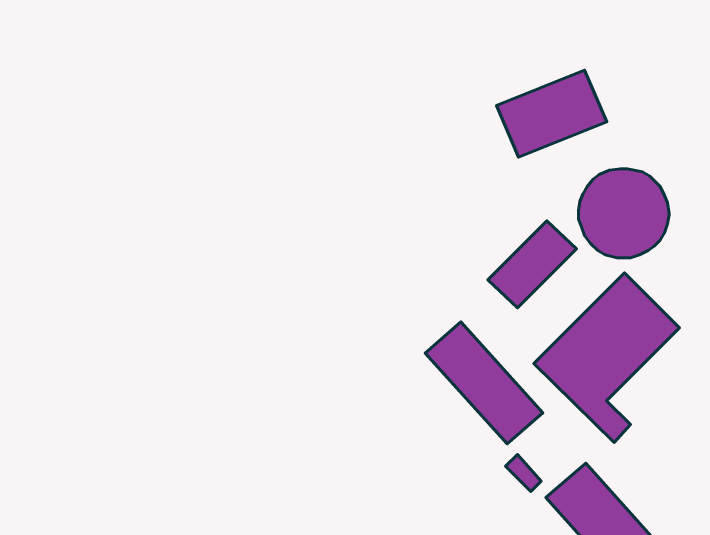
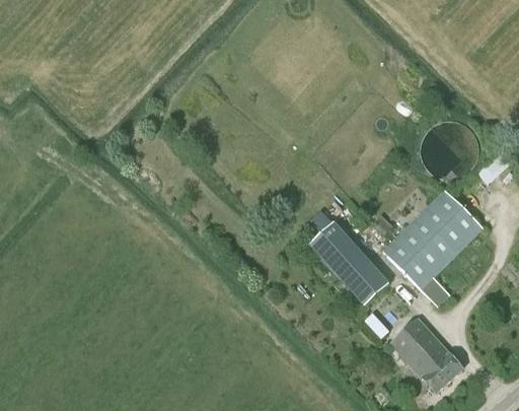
building: [496,70,607,157] -> none
building: [488,221,576,308] -> none

